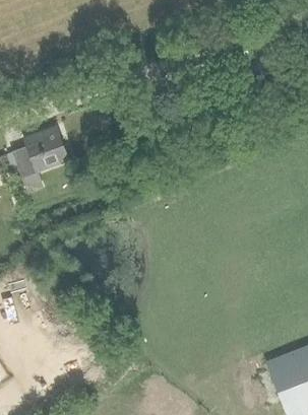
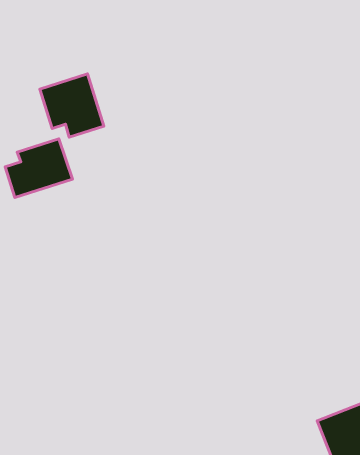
building: none -> [40,74,104,137]

